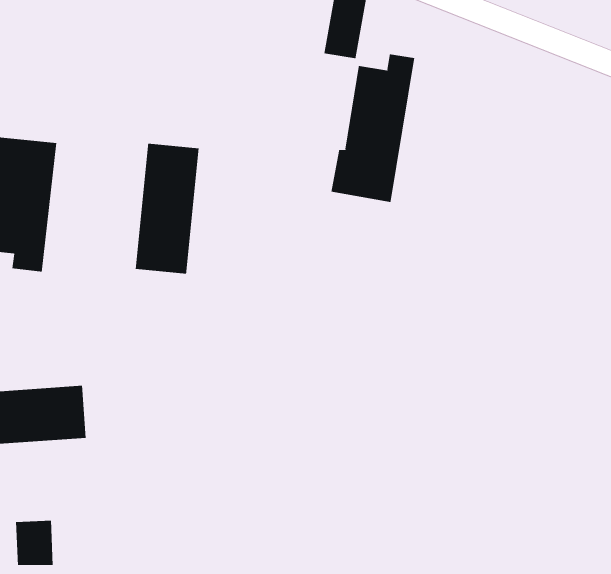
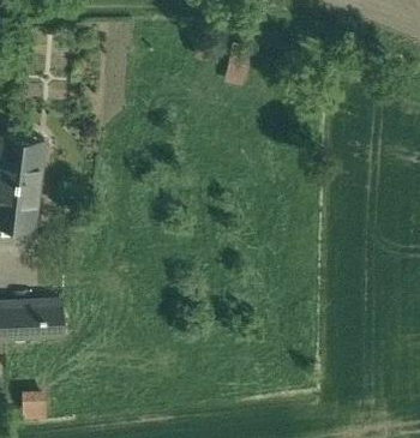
building: [331,54,415,203] -> none
building: [135,143,199,274] -> none

